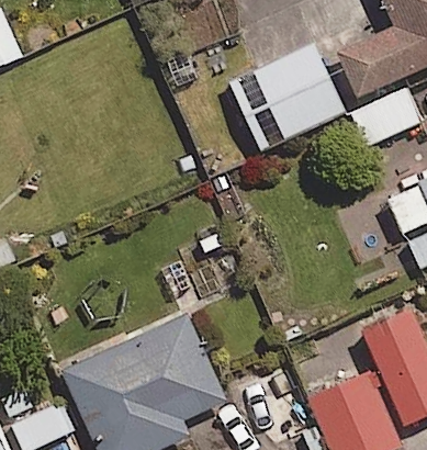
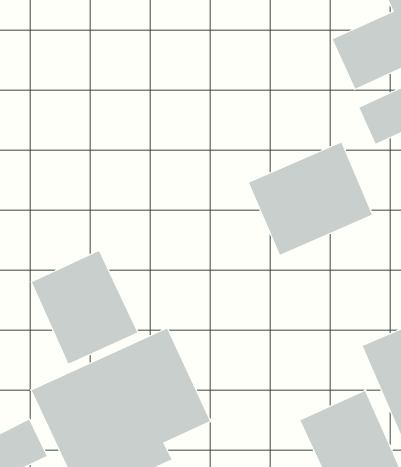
building: [235,47,349,151] -> [248,142,373,256]
building: none -> [31,250,138,365]

